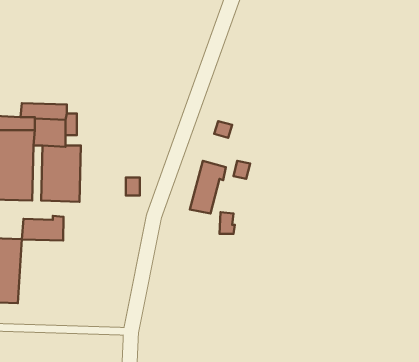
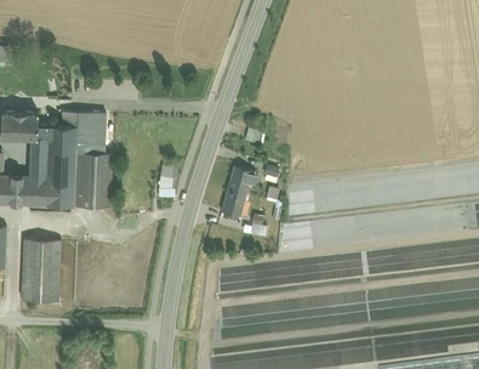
building: [22,216,64,240] -> none

